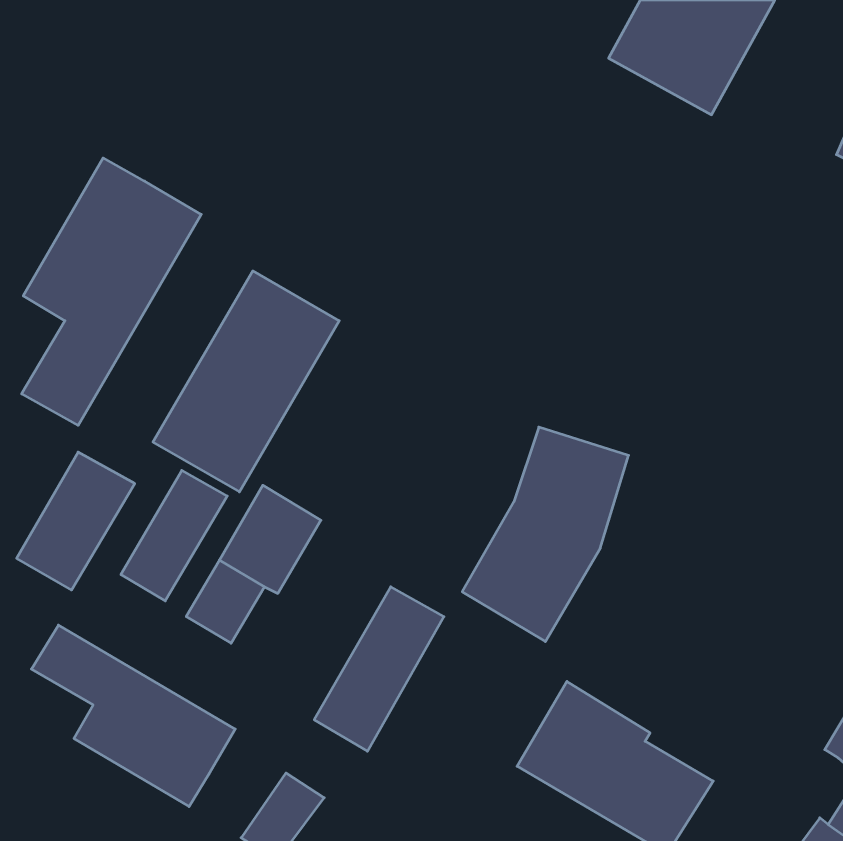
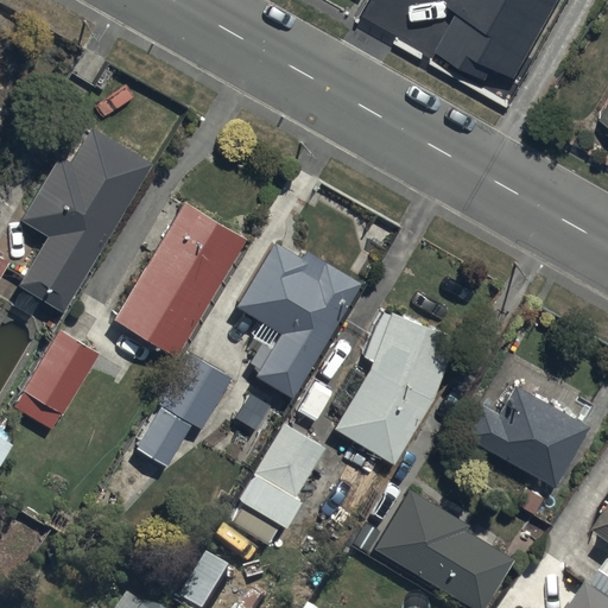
building: none -> [236,241,360,397]
building: [121,470,227,601] -> none
building: none -> [464,388,590,494]
building: [31,625,235,807] -> none

